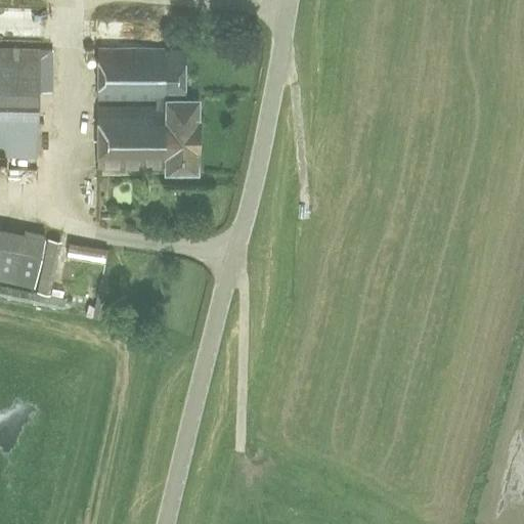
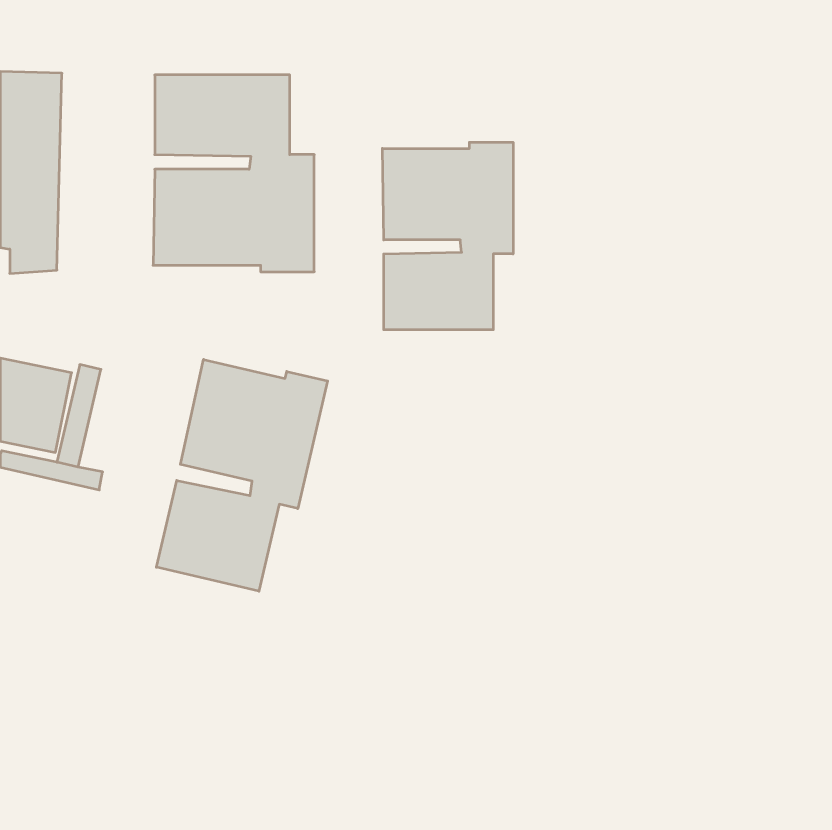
building: none -> [382,142,513,330]
building: none -> [156,359,328,591]

